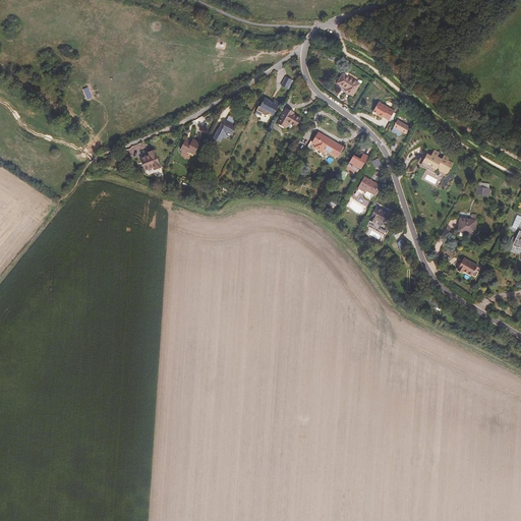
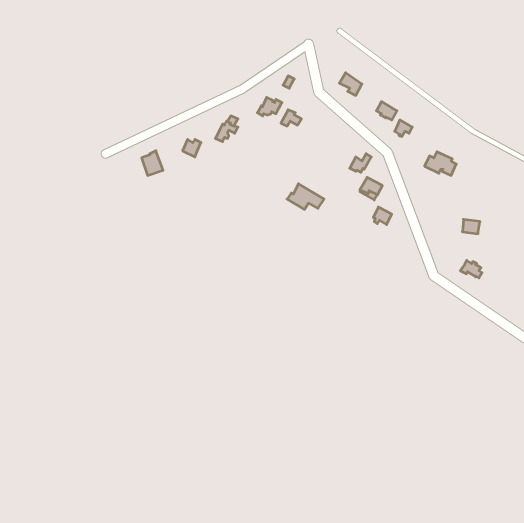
building: [306,131,343,157] -> [287,184,324,209]

